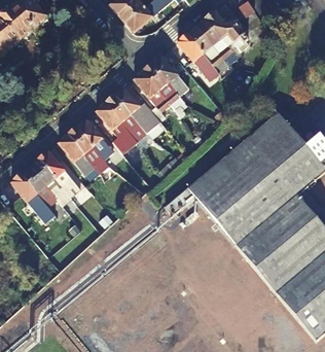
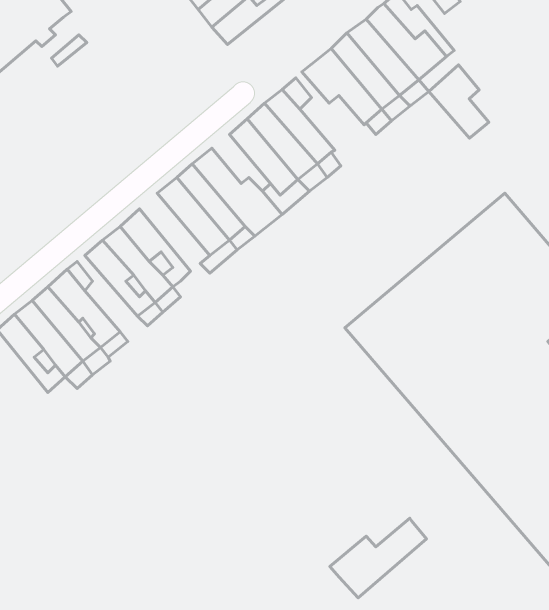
building: none -> [429,65,489,138]
building: none -> [330,518,427,598]

